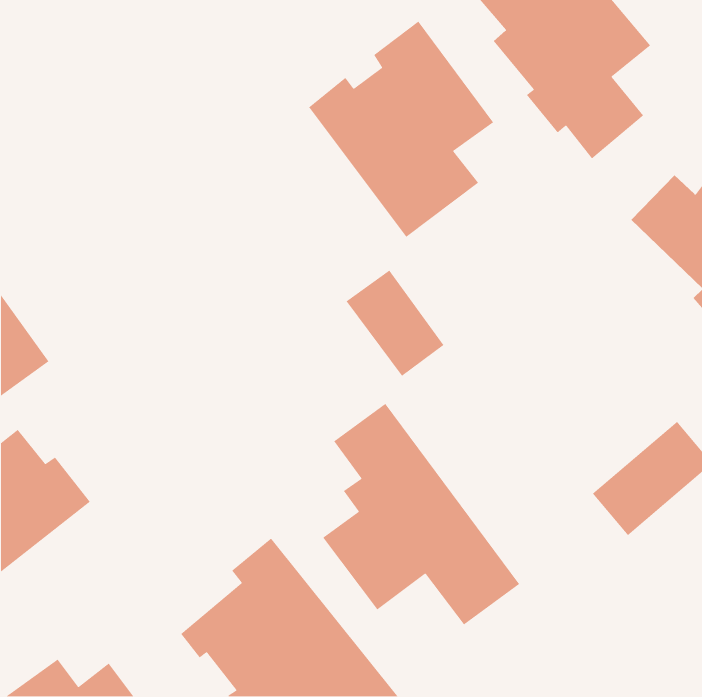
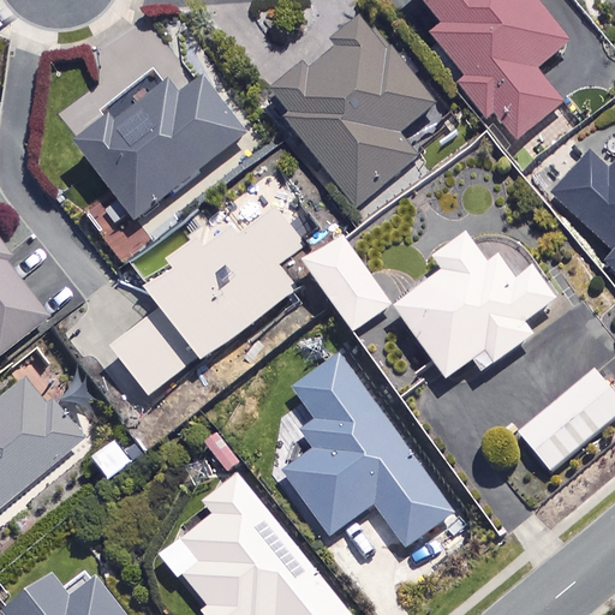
building: none -> [76,73,245,219]
building: none -> [112,183,305,399]
building: none -> [393,233,553,376]

